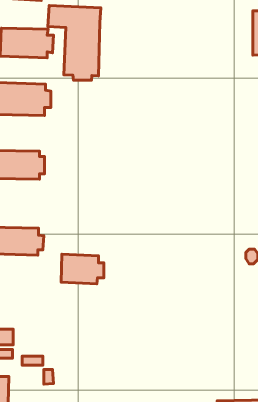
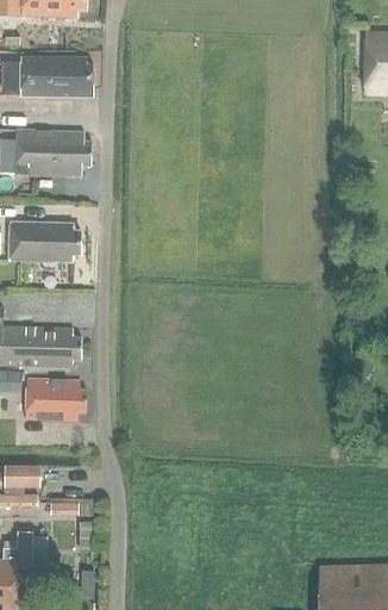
building: [48,5,101,80] -> none
building: [61,254,104,284] -> [26,380,85,421]

